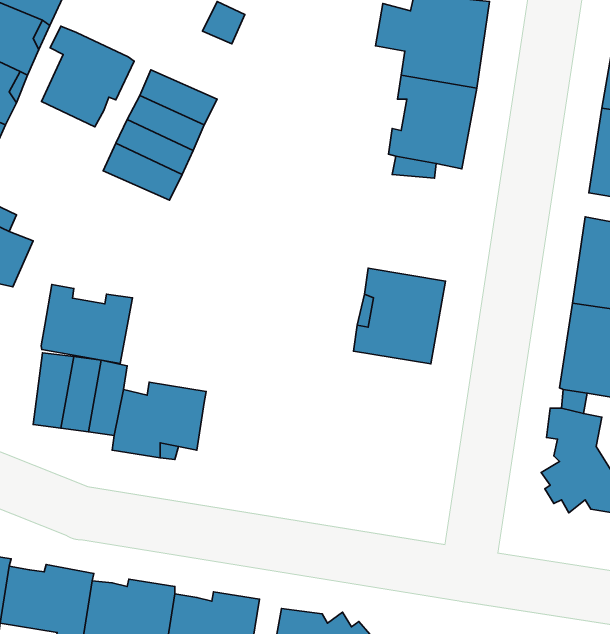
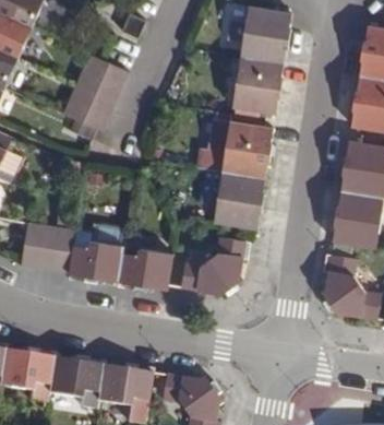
building: [41,26,134,127] -> none
building: none -> [209,118,274,179]
building: [41,285,133,364] -> none
building: none -> [184,234,251,295]
building: none -> [117,248,173,292]

